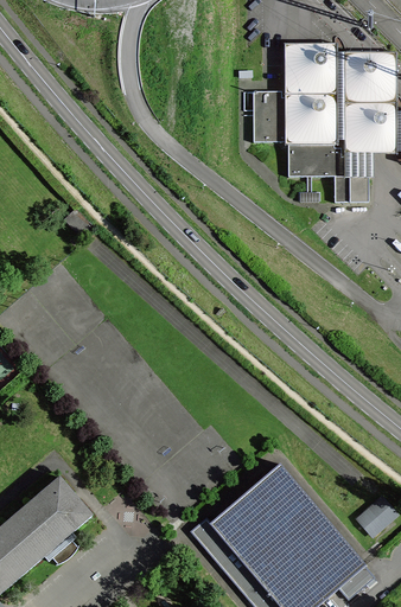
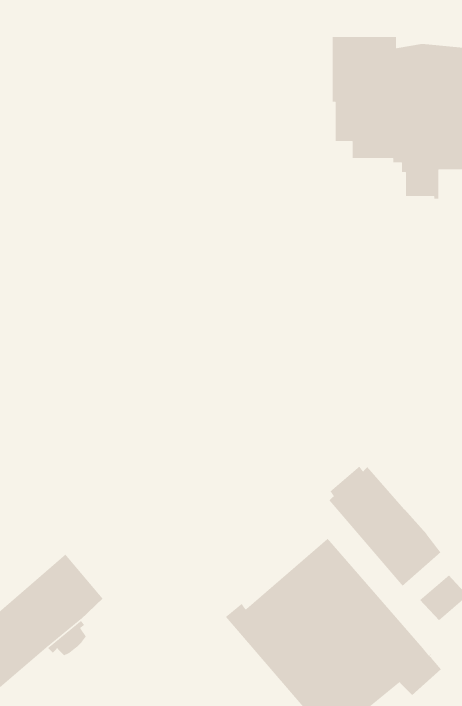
building: [253,91,369,203] -> none
building: none -> [328,466,442,587]

